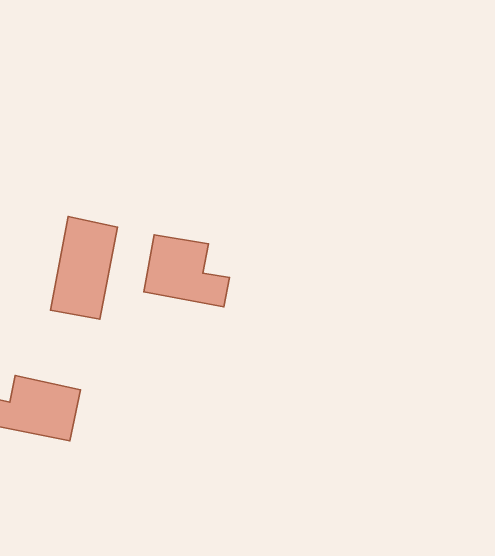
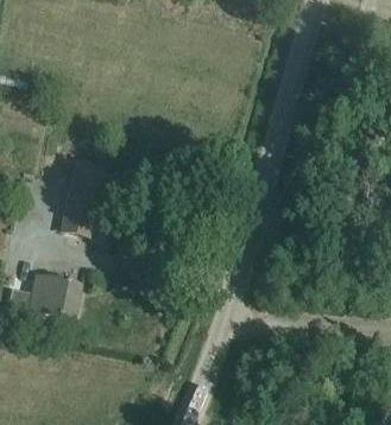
building: [144,235,229,307] -> none

